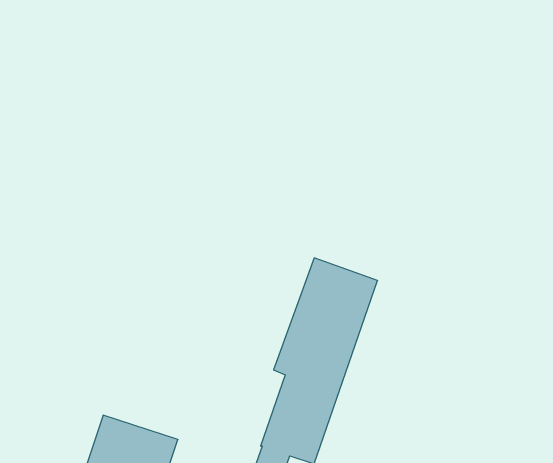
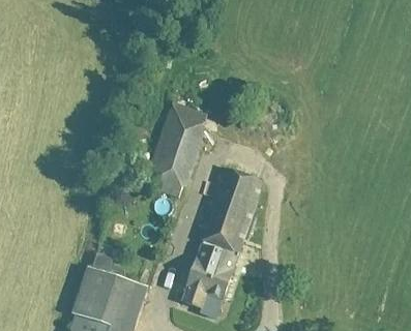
building: none -> [143,98,207,197]

